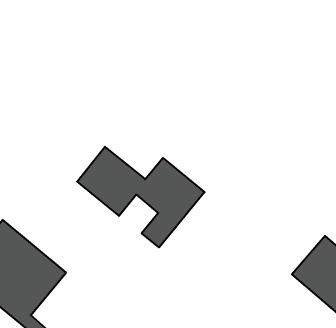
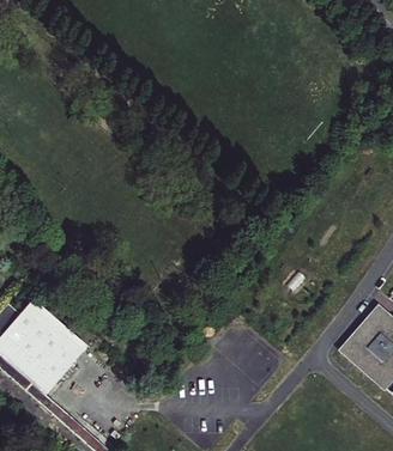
building: [77,147,205,247] -> none

